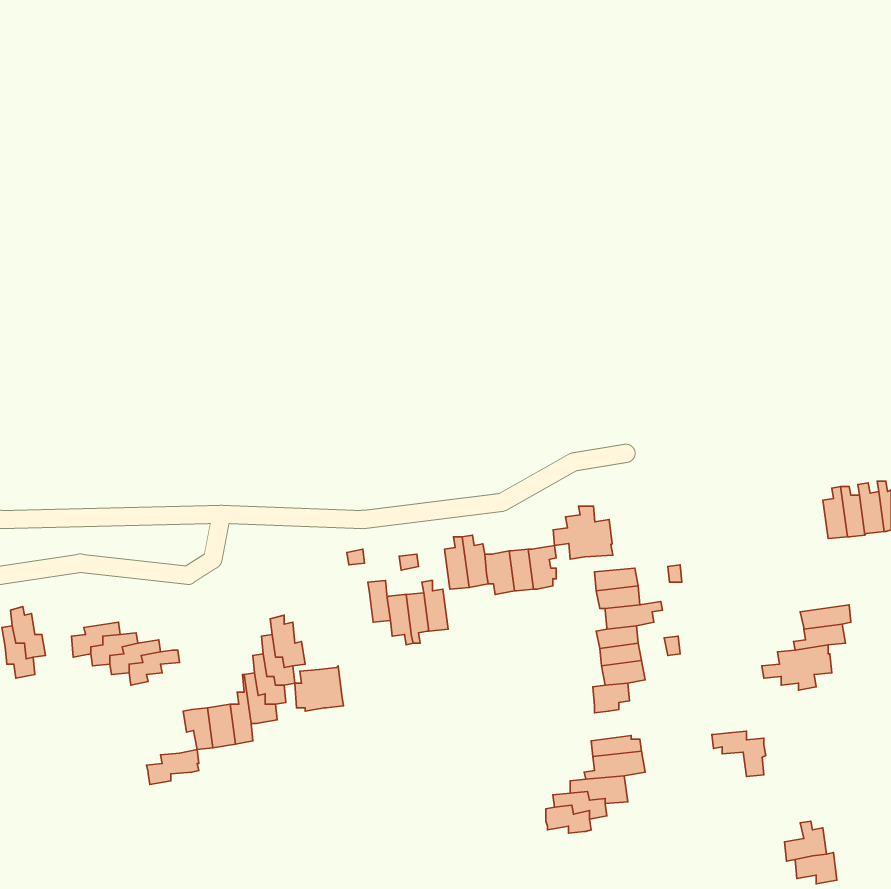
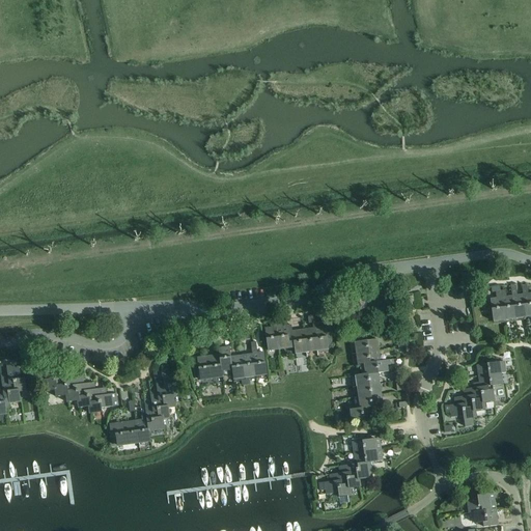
building: [553,506,613,559] -> none
building: [295,666,343,711] -> [194,353,223,380]
building: [712,731,766,776] -> [444,402,476,429]
building: [146,750,199,784] -> [87,392,118,413]

